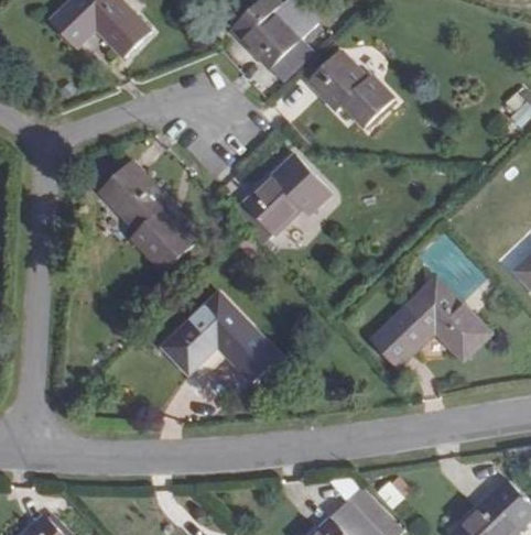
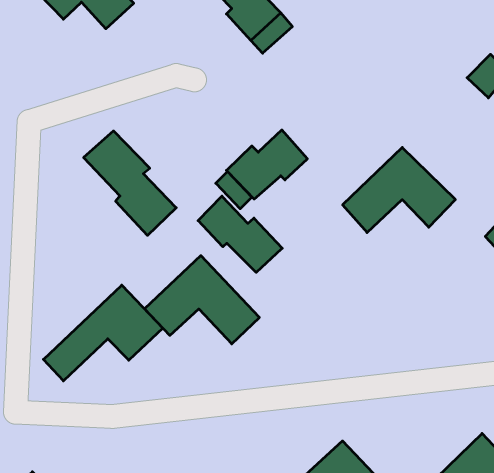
building: [310,53,392,127] -> none
building: none -> [198,196,282,272]
building: [373,279,490,367] -> [343,147,455,233]
building: none -> [43,285,163,381]

